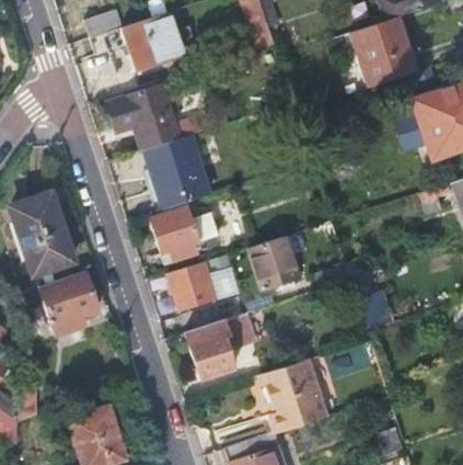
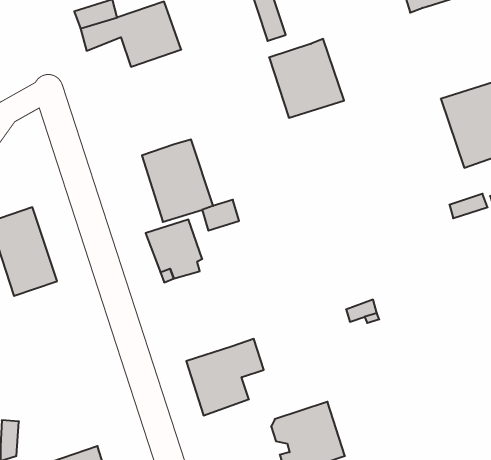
building: [348,18,415,88] -> [269,39,344,118]
building: [107,86,175,150] -> none
building: [253,236,304,288] -> none
building: [167,259,218,311] -> none
building: [43,272,97,336] -> none

